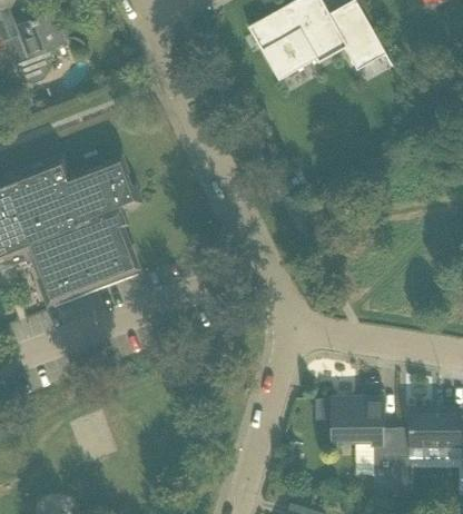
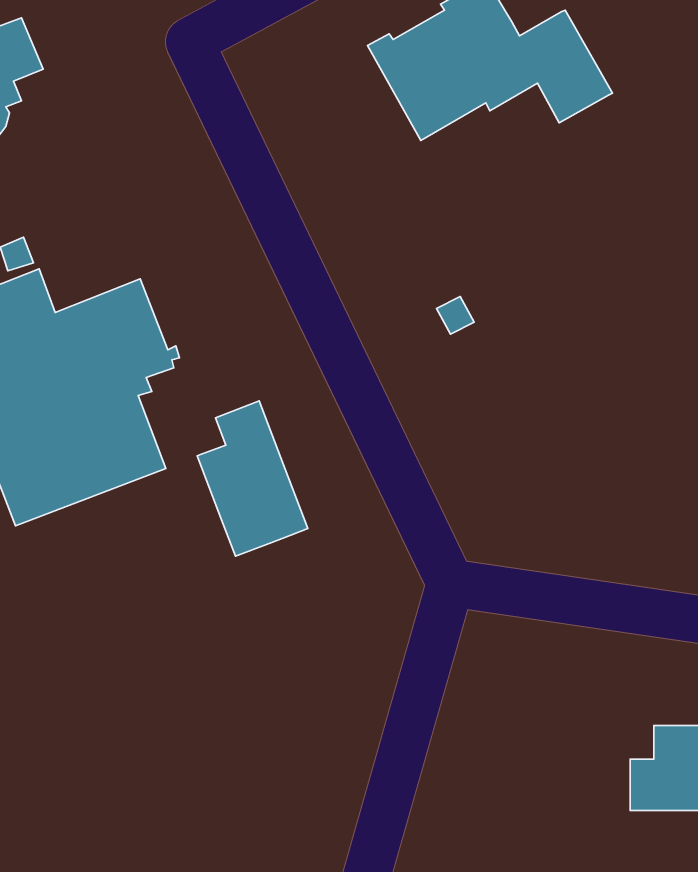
building: none -> [197,401,308,556]
building: [333,398,397,474] -> none

